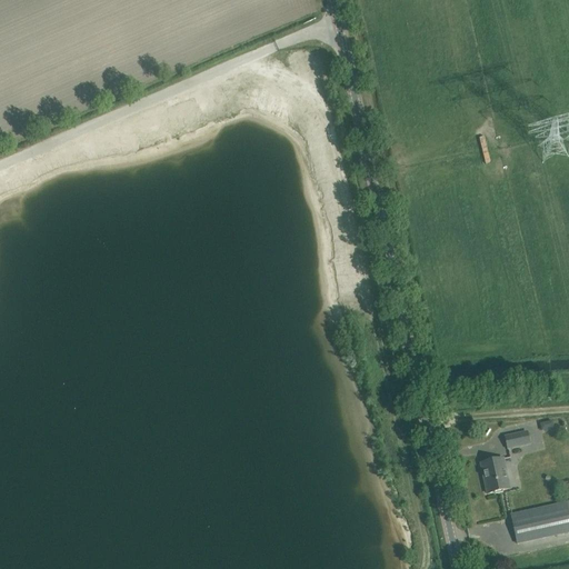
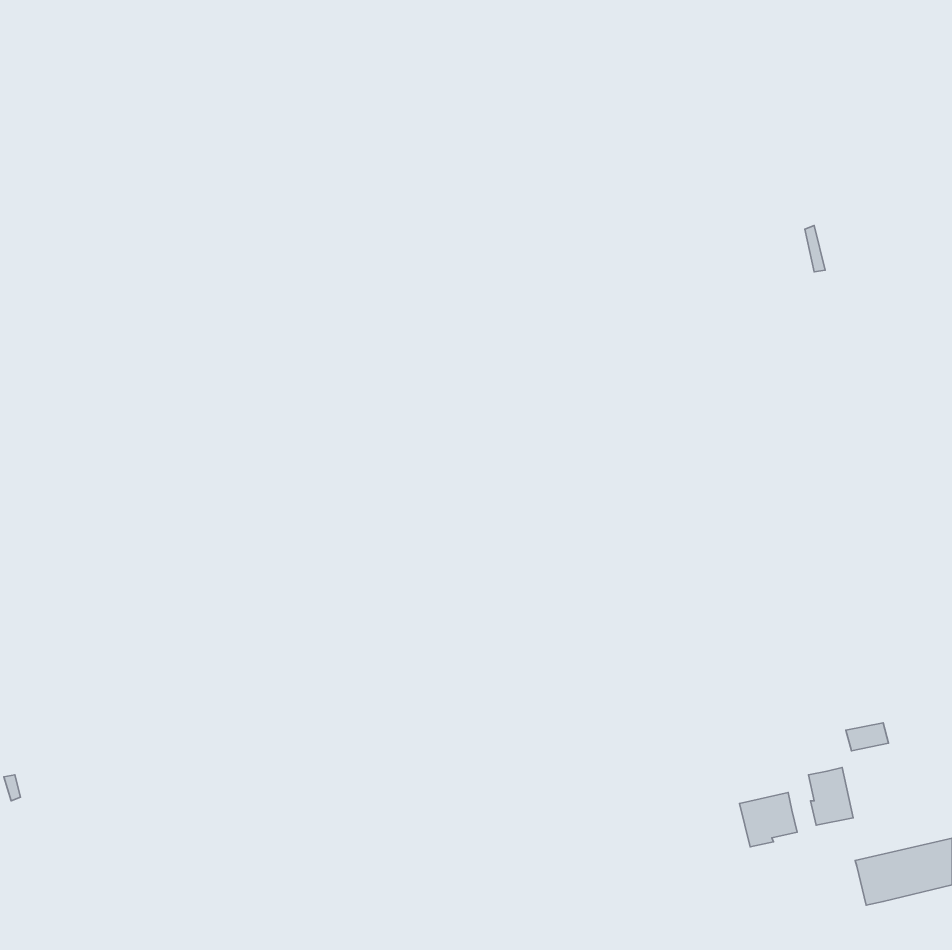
building: none -> [740,793,797,847]

